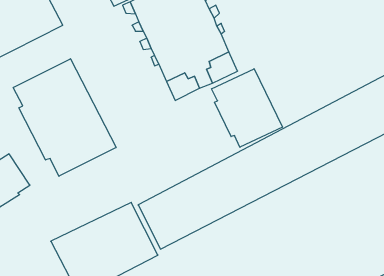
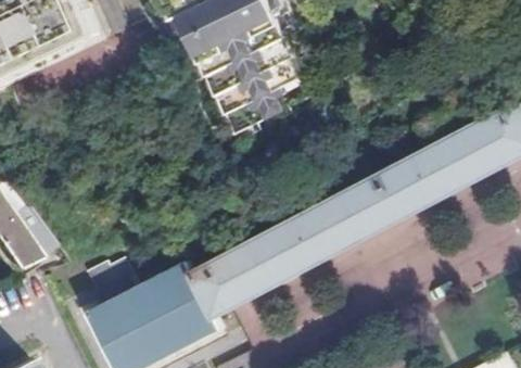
building: [13,59,116,176] -> none
building: [212,69,282,147] -> none

